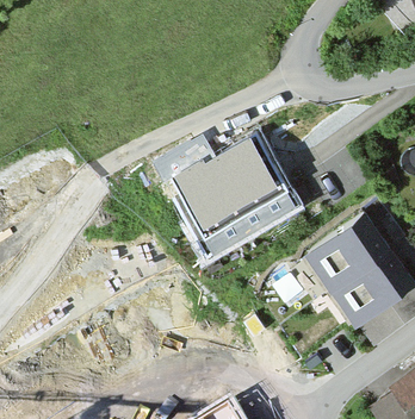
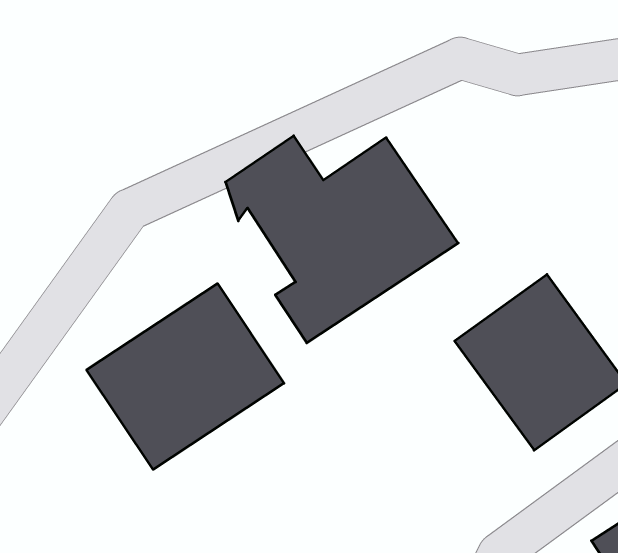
building: none -> [87,284,284,469]

